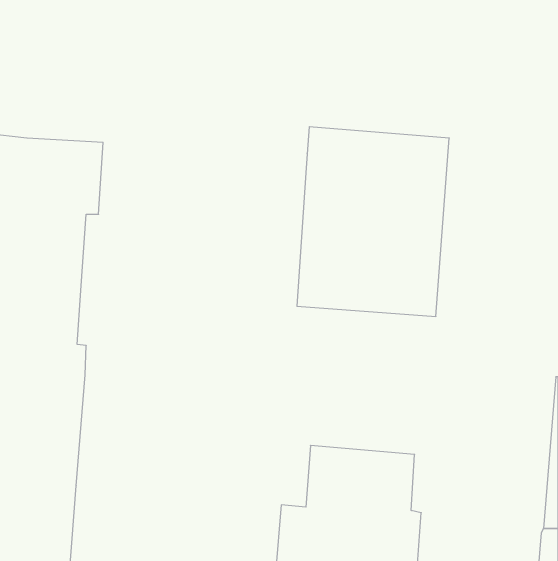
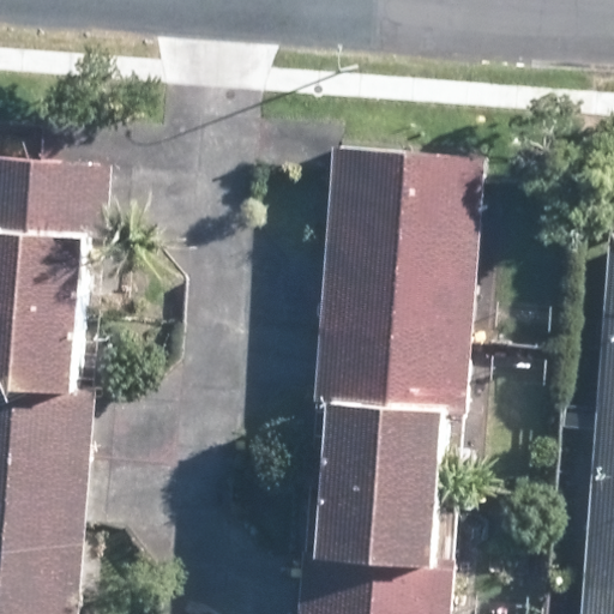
building: none -> [312,341,466,499]

